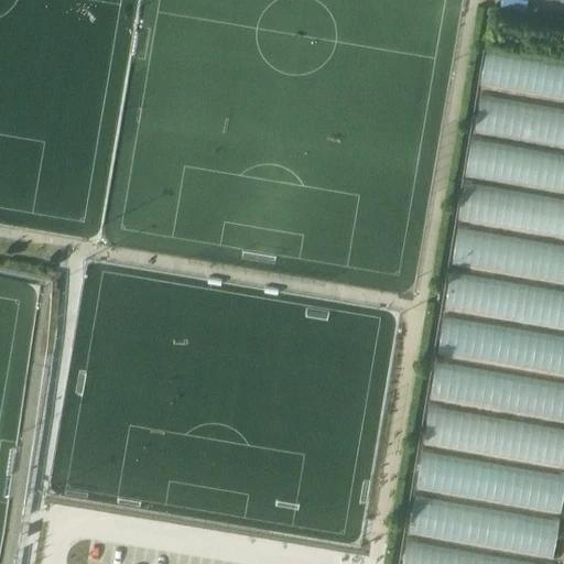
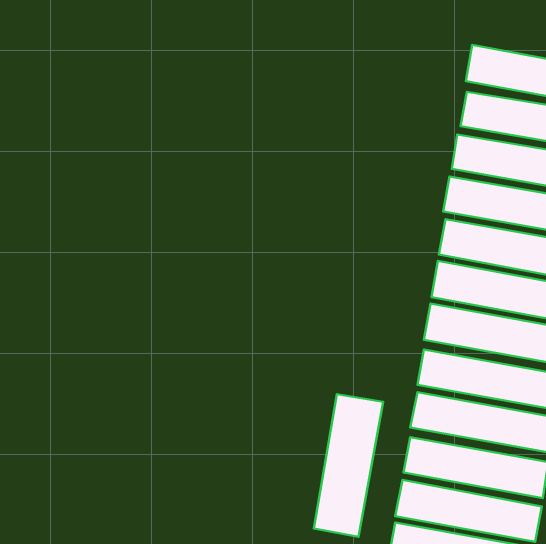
building: none -> [314,394,383,537]

